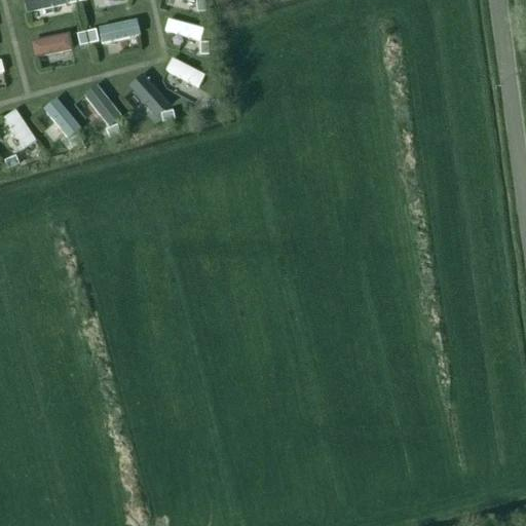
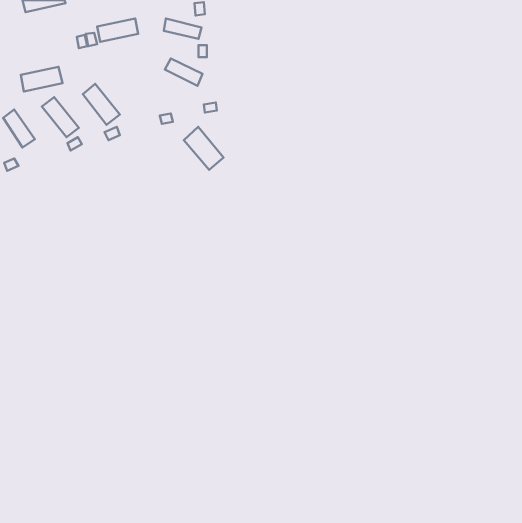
building: [30,32,72,57] -> [21,67,63,91]
building: [129,73,170,116] -> [184,127,224,170]

